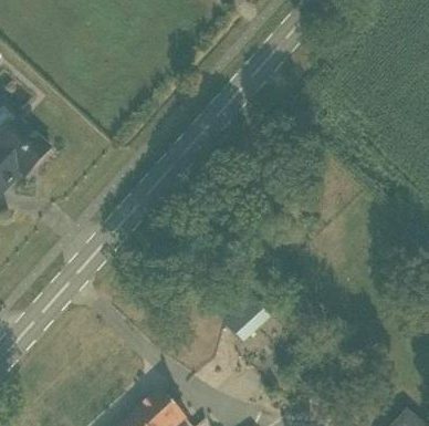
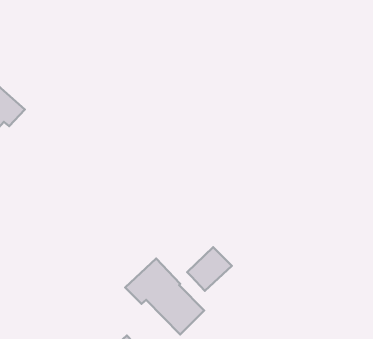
building: none -> [125,258,204,334]

